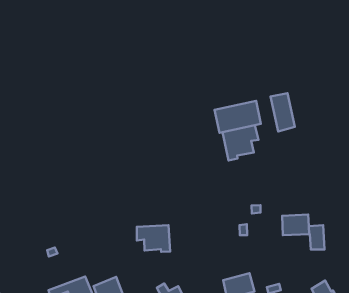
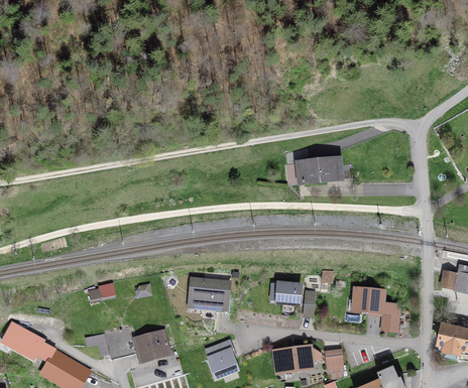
building: [271,93,295,131] -> none
building: [223,125,259,161] -> none
building: none -> [277,282,301,302]

